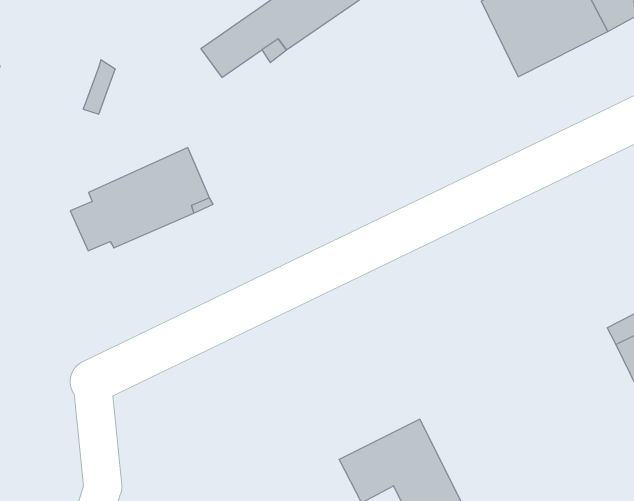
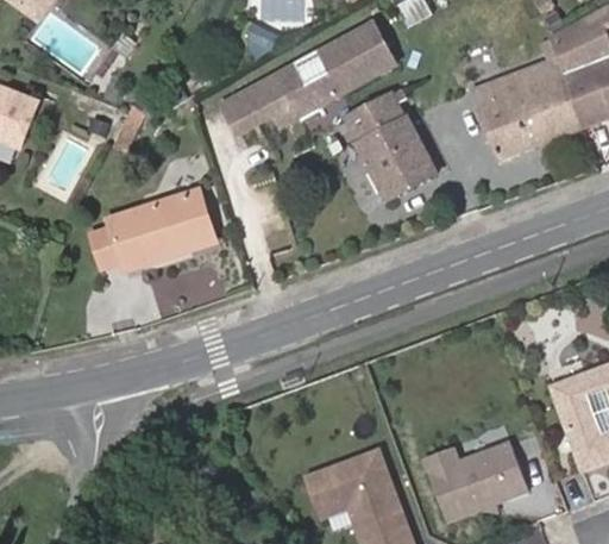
building: none -> [346,88,433,200]
building: none -> [422,443,527,521]

